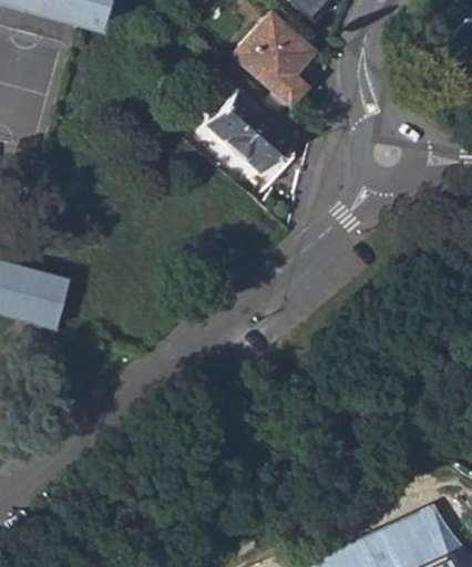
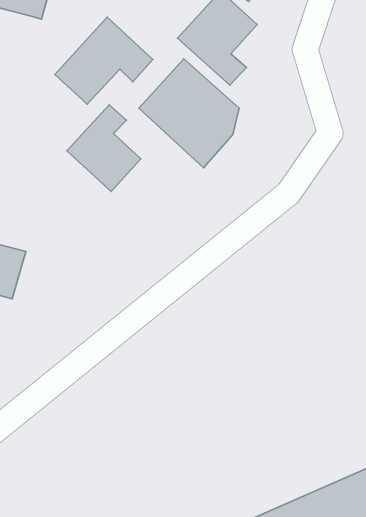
building: none -> [55,17,153,104]
building: none -> [67,105,141,191]

